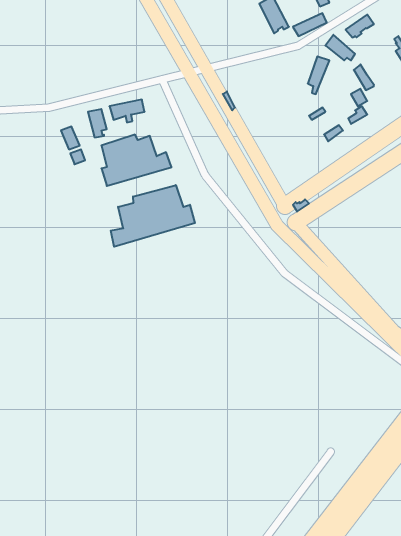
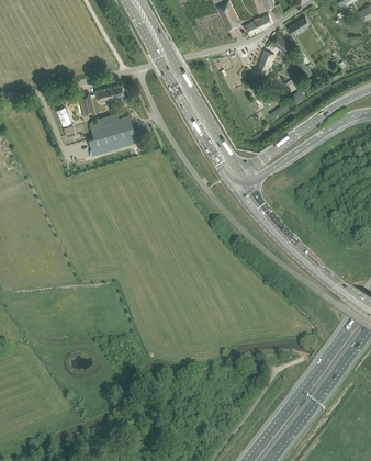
building: [111,185,195,247] -> none

